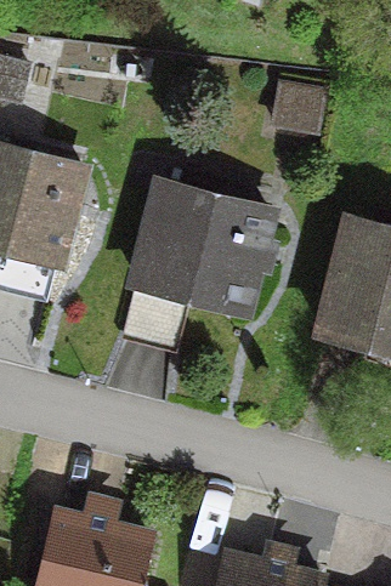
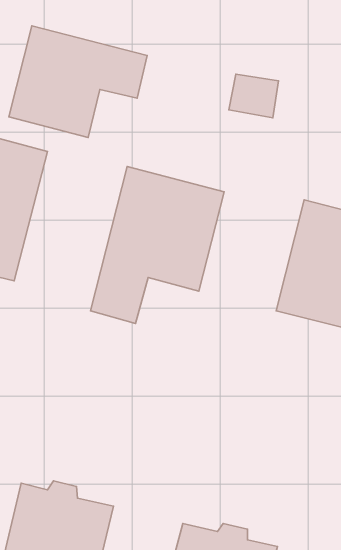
building: none -> [9,26,147,137]

